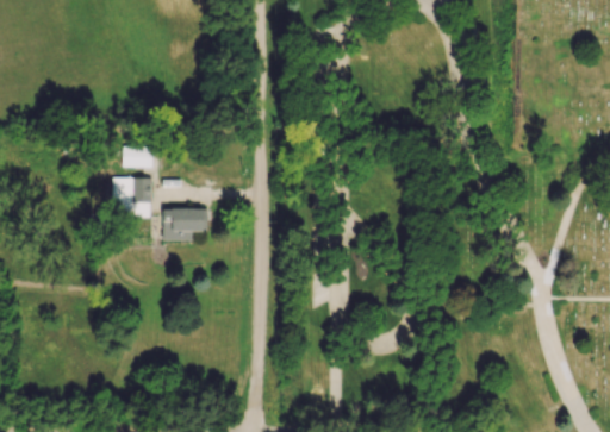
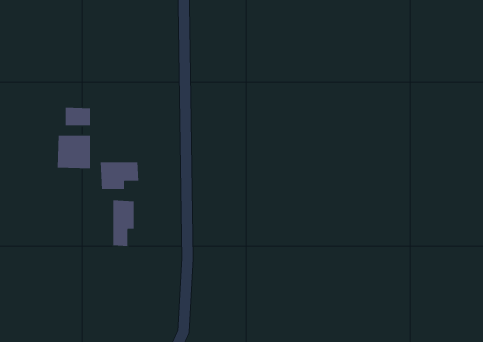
building: none -> [113,200,134,247]

